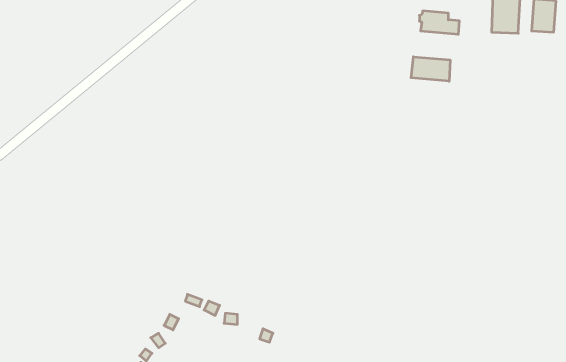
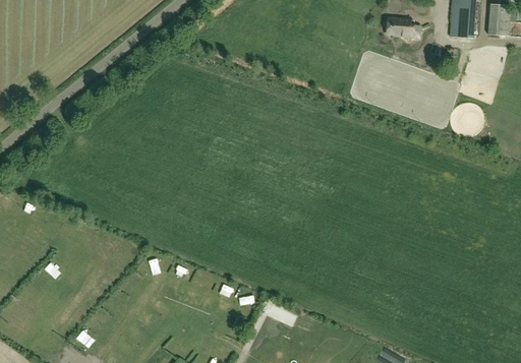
building: [411,57,450,81] -> none

